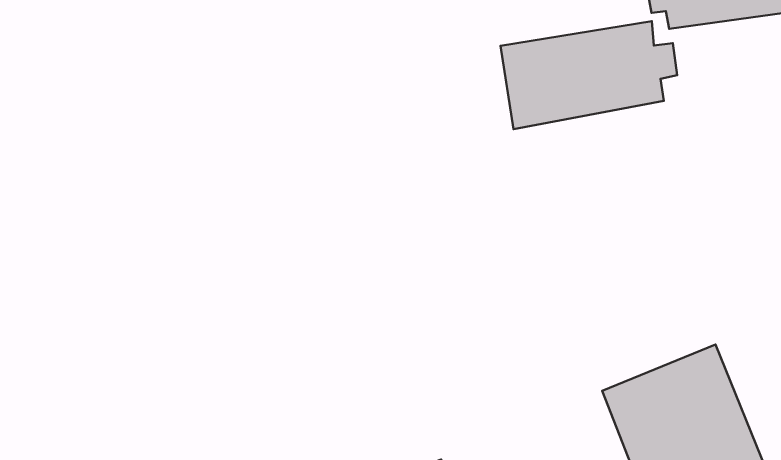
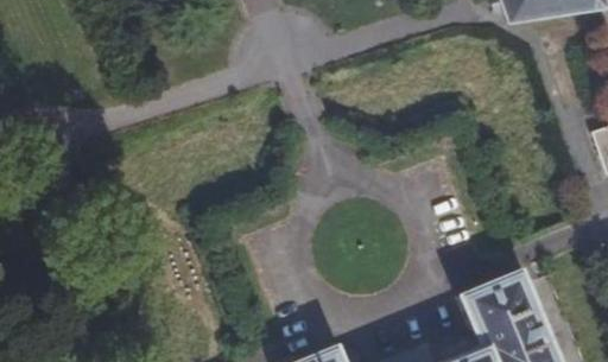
building: [500,21,677,129] -> none

